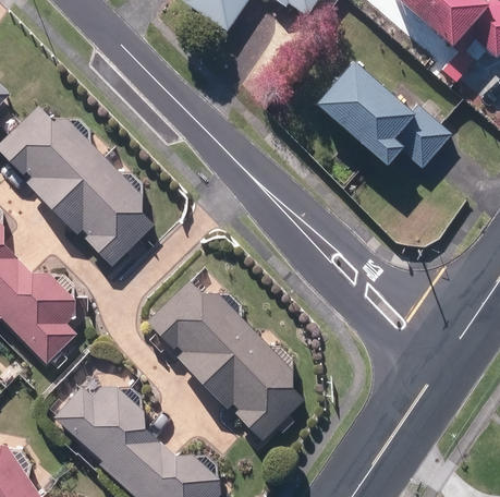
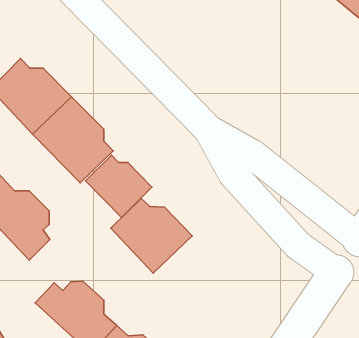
building: [316,64,452,171] -> none
building: none -> [85,155,152,218]
building: [203,330,301,438] -> none

